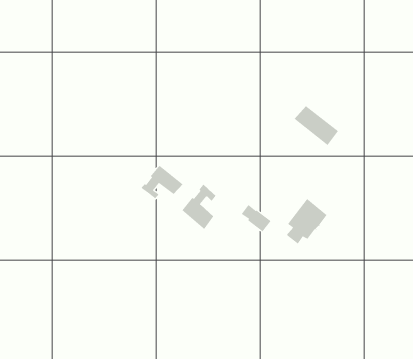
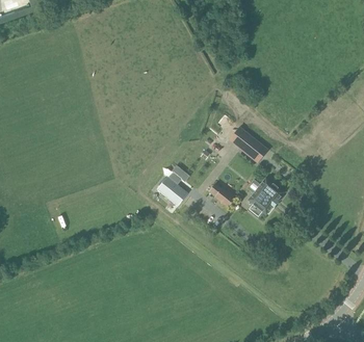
building: [294,105,339,146] -> [229,127,267,161]
building: [140,165,183,199] -> none

